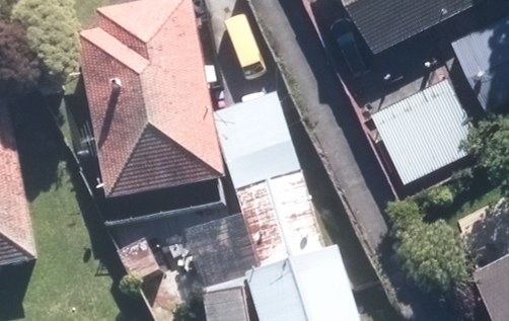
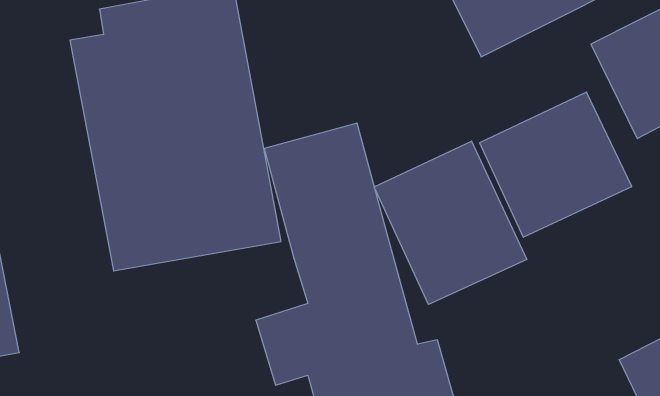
building: none -> [374,141,527,304]

